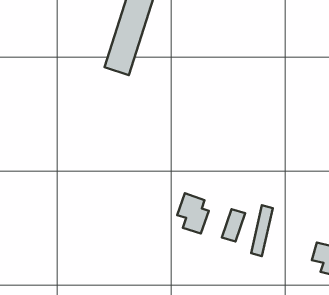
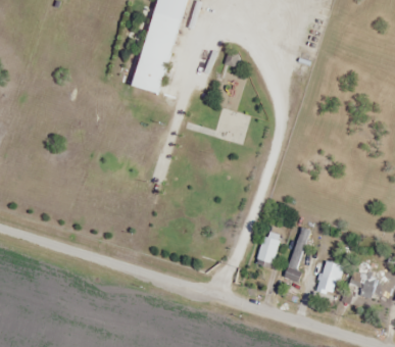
building: [177,193,209,234] -> none
building: none -> [317,261,339,294]

